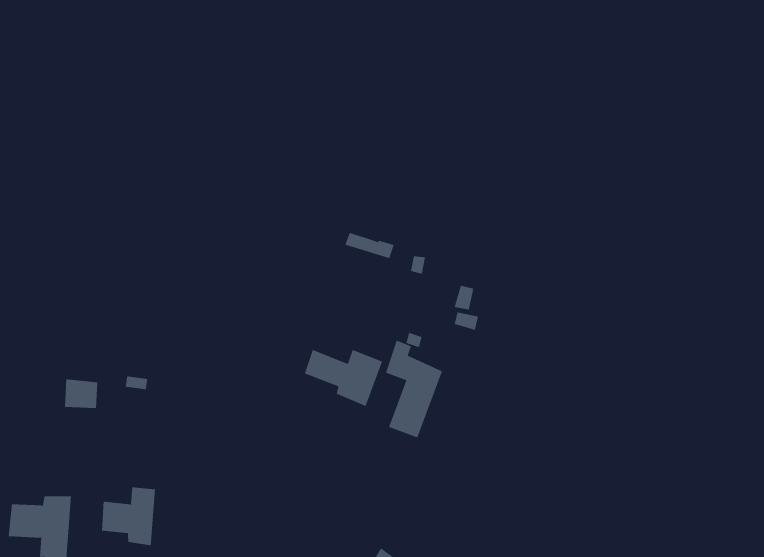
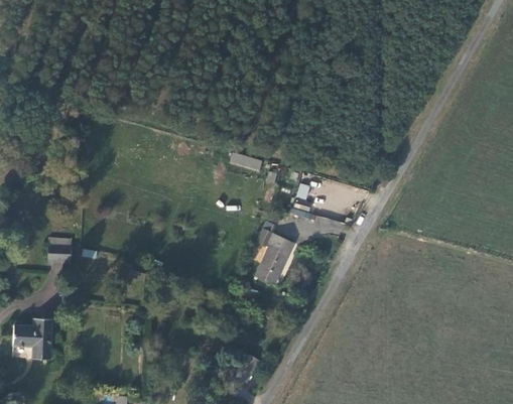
building: [304,349,383,407] -> none
building: [101,487,155,546] -> none

